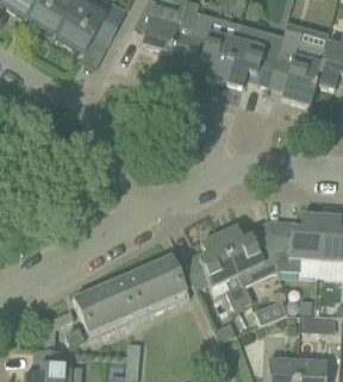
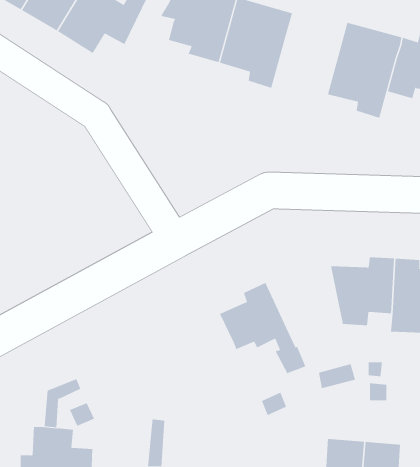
building: [224,20,283,86] -> none
building: [219,221,280,286] -> none
building: [71,256,189,340] -> none

